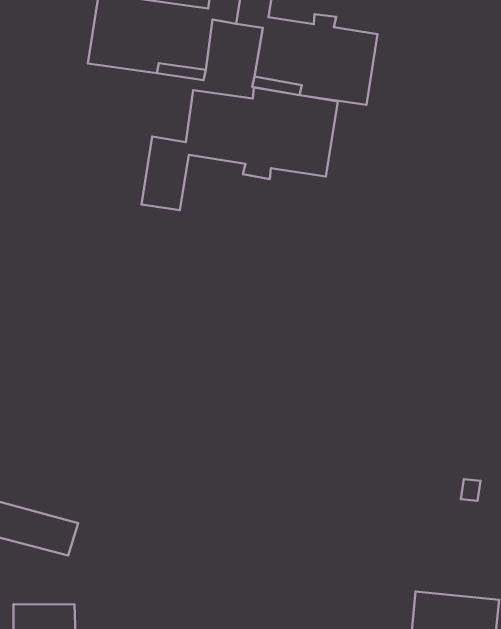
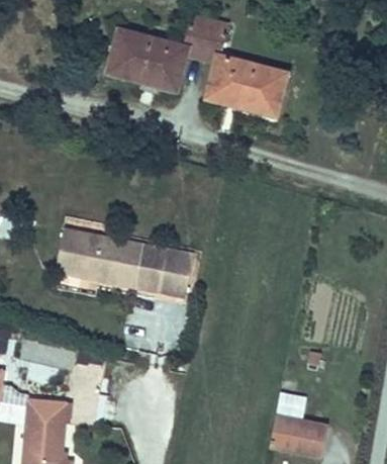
building: [142,87,338,210] -> none
building: none -> [56,229,193,297]

